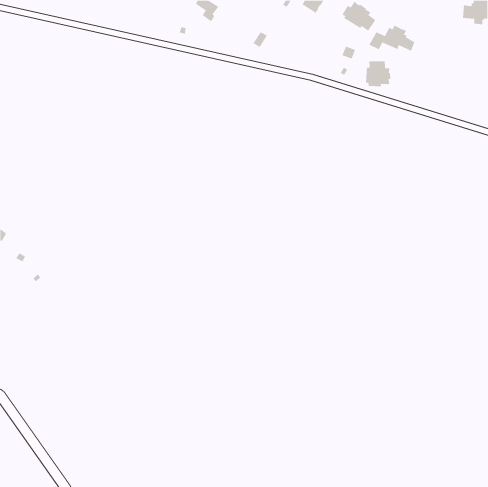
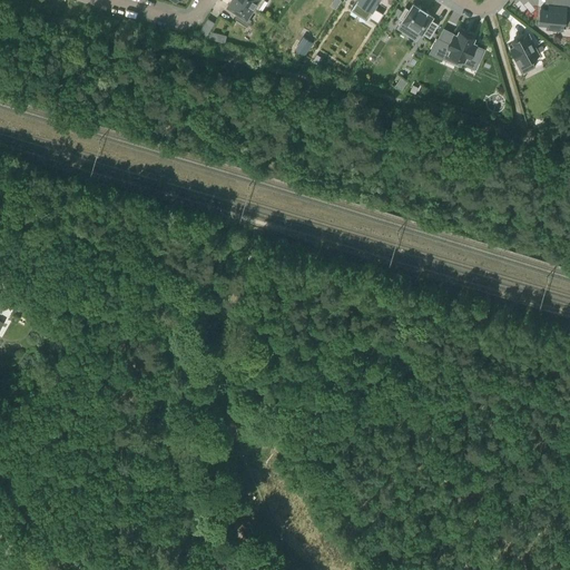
building: none -> [510,36,538,65]
building: [366,60,391,87] -> none

